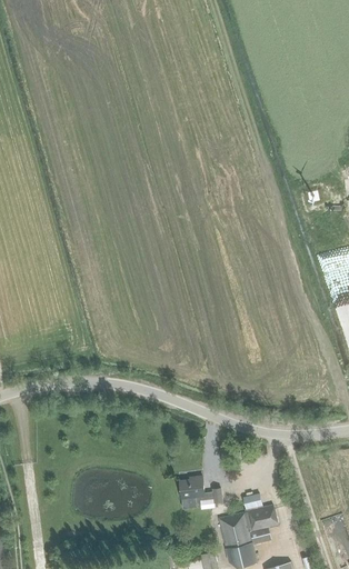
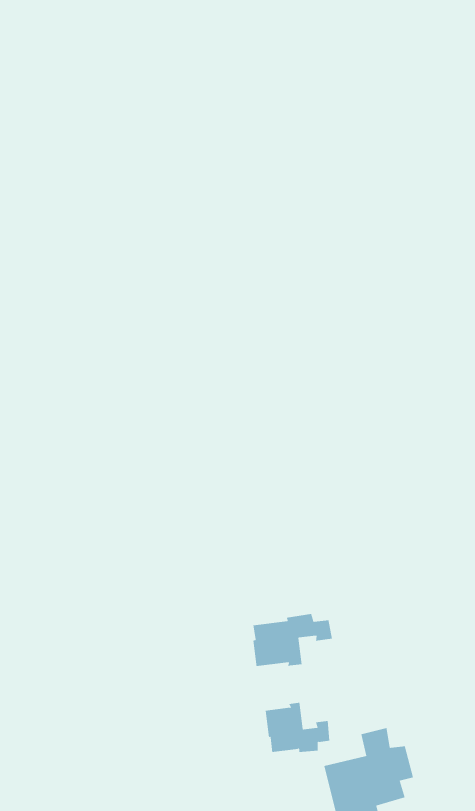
building: none -> [253,613,332,667]

